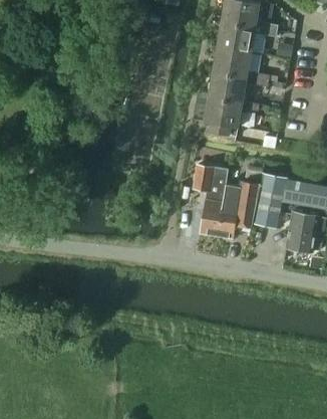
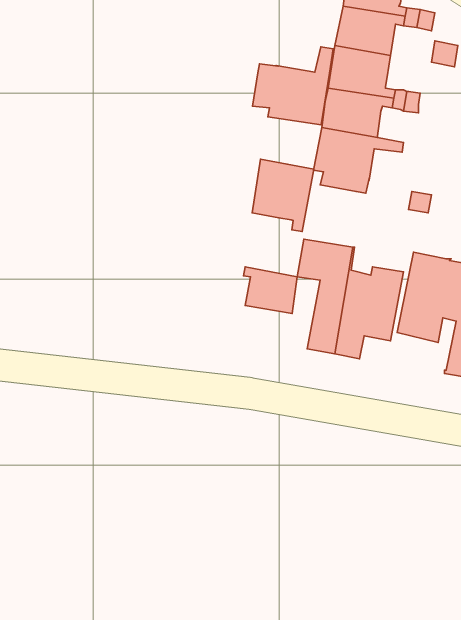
building: none -> [253,47,333,125]
building: none -> [252,159,314,232]
building: none -> [243,267,297,314]

